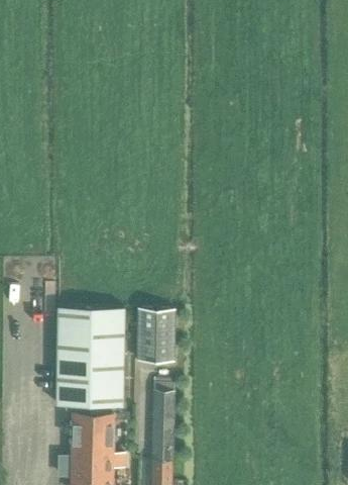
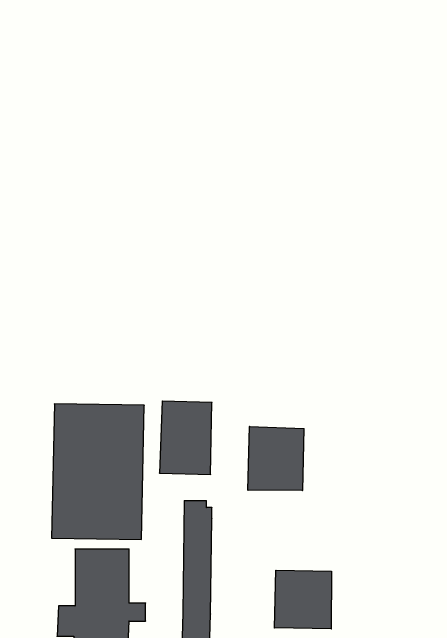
building: none -> [248,426,304,491]
building: none -> [274,570,331,629]

